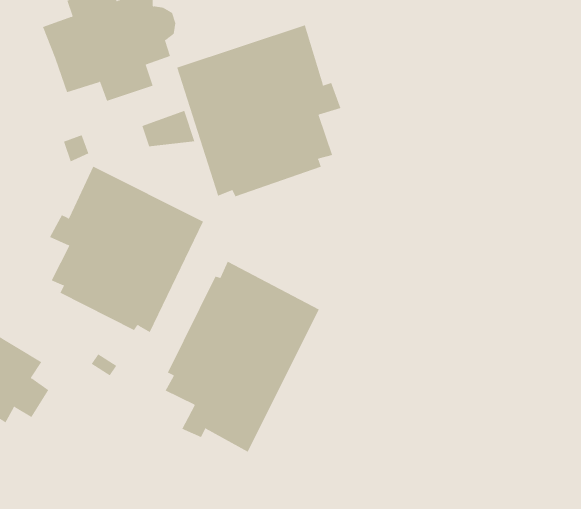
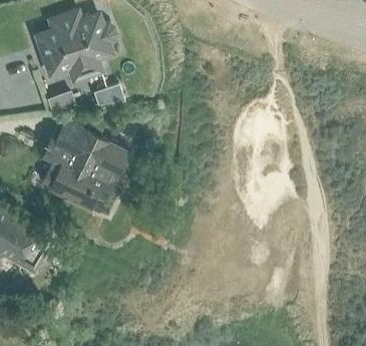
building: [177,24,341,197] -> none
building: [165,261,320,452] -> none

